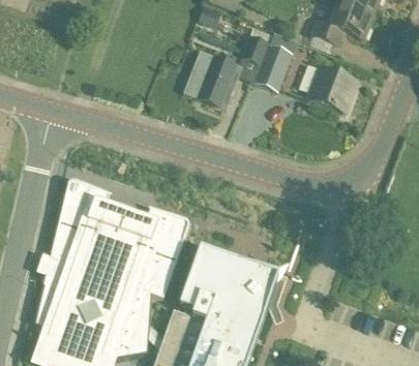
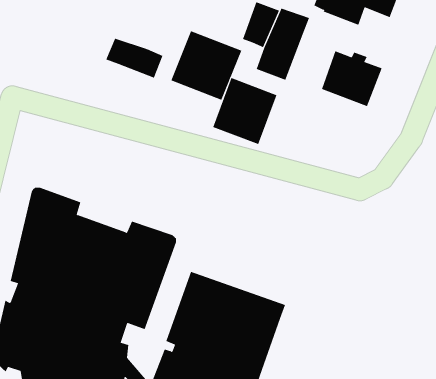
building: none -> [106,38,163,79]
building: none -> [213,77,277,145]

